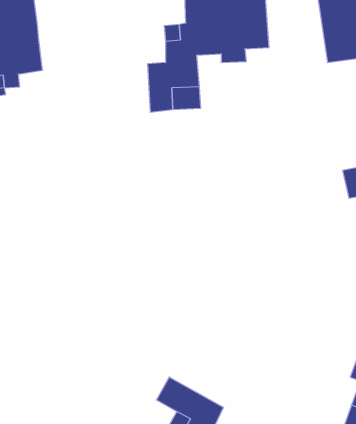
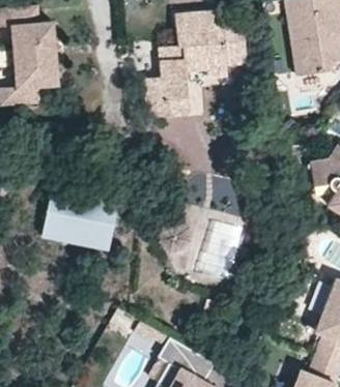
building: none -> [46,197,124,261]

